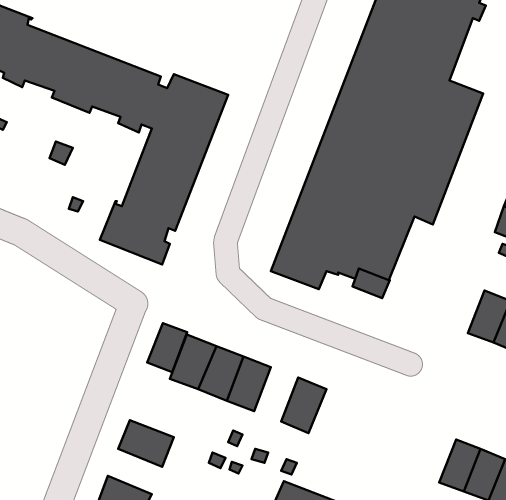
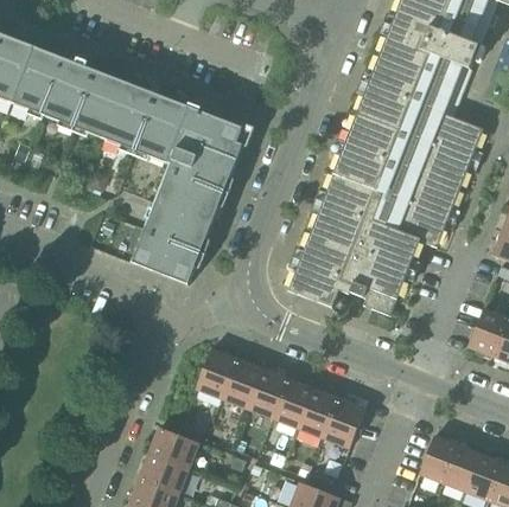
building: [147,323,187,372] -> none
building: none -> [273,377,313,426]
building: none -> [323,397,365,447]
building: none -> [419,434,458,482]
building: none -> [139,451,189,493]

